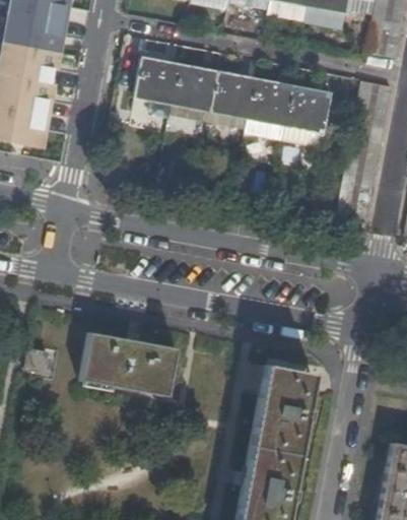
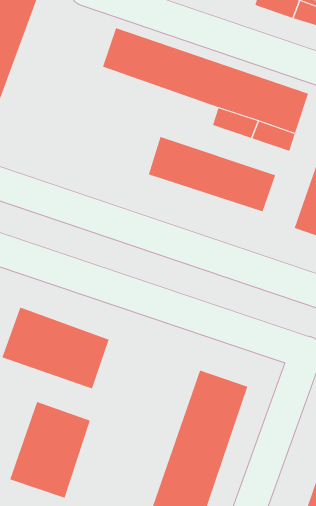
building: none -> [148,136,276,212]
building: none -> [9,401,91,499]

